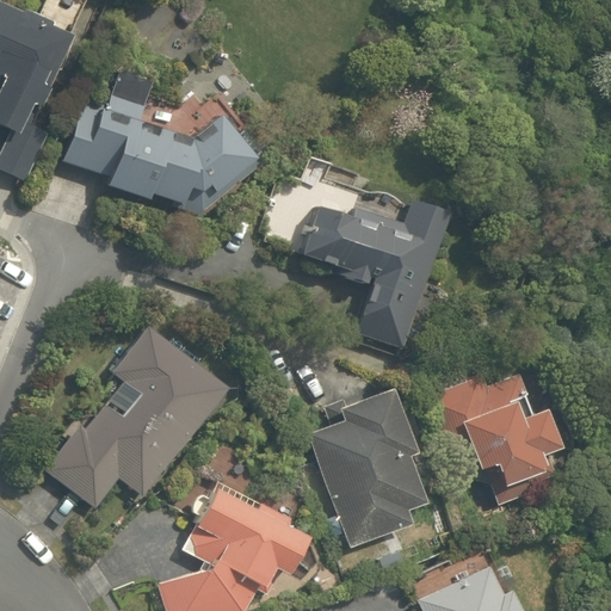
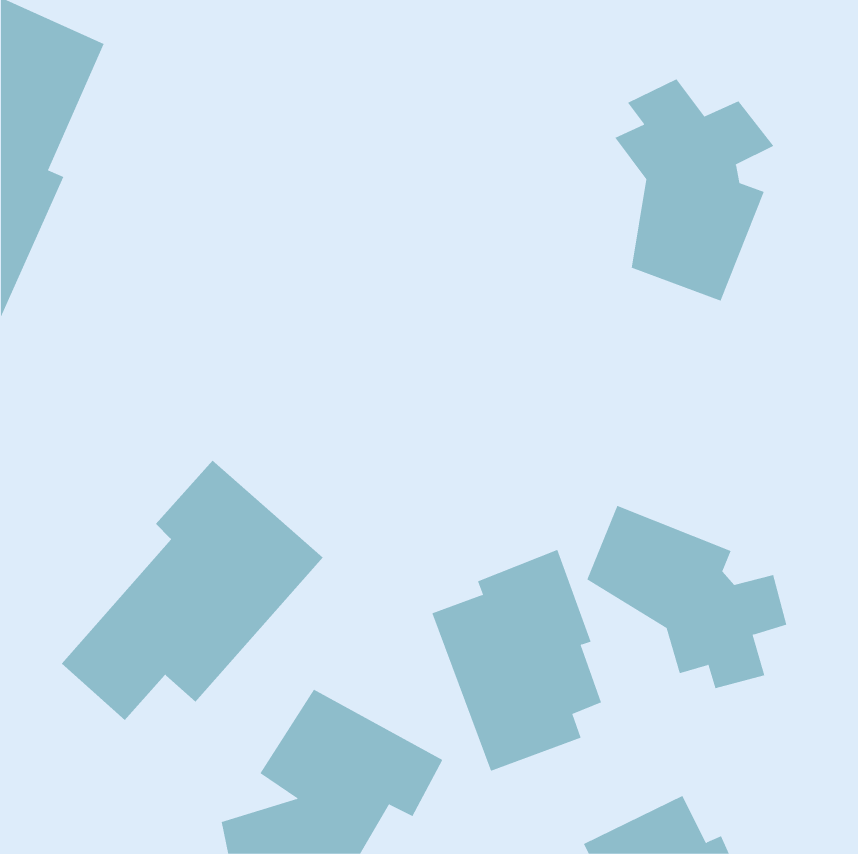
building: none -> [615,78,774,302]
building: [61,67,261,208] -> none
building: [301,195,452,348] -> none

